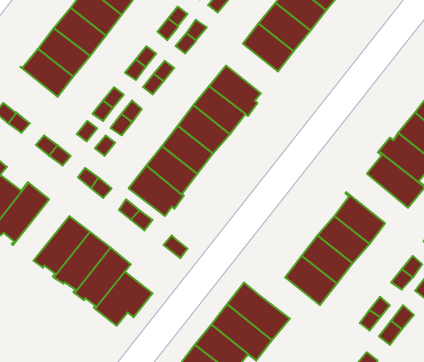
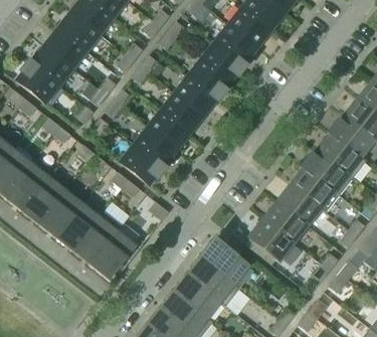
building: none -> [200,42,245,83]
building: none -> [16,61,59,105]
building: none -> [301,151,352,192]
building: none -> [22,172,69,223]

